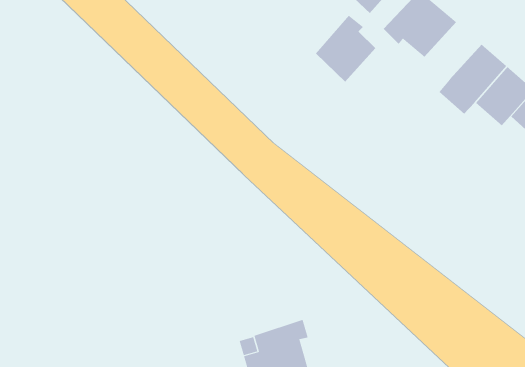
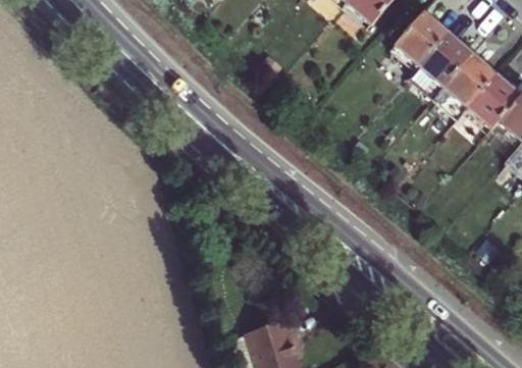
building: [315,15,376,82] -> none
building: none -> [421,33,475,87]

